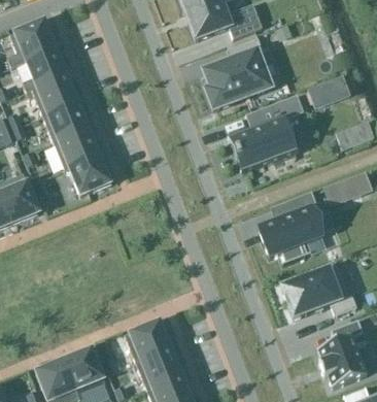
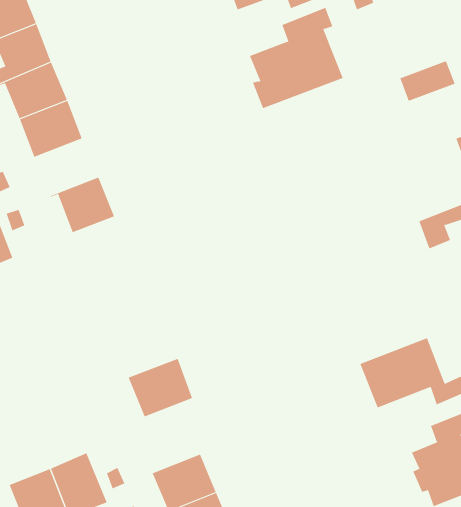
building: [230,95,304,173] -> none
building: [55,129,100,169] -> none
building: [261,195,322,262] -> none
building: [126,322,171,363] -> [128,358,193,417]

